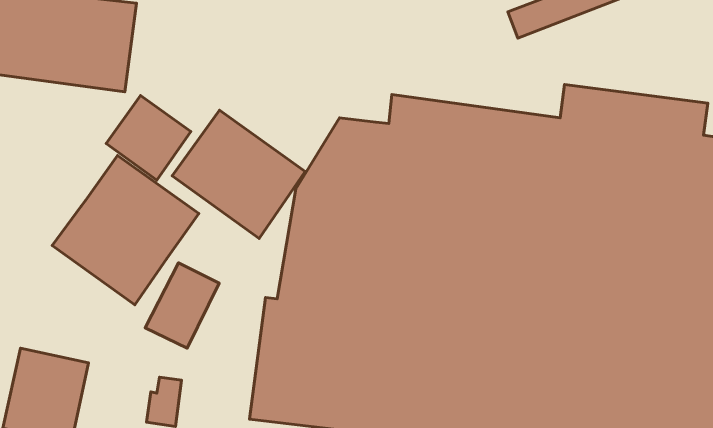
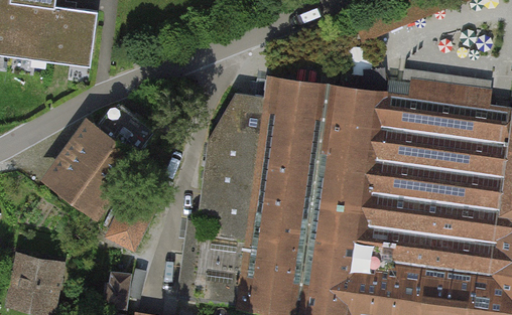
building: [106,96,191,180] -> none
building: [172,110,305,238] -> none

